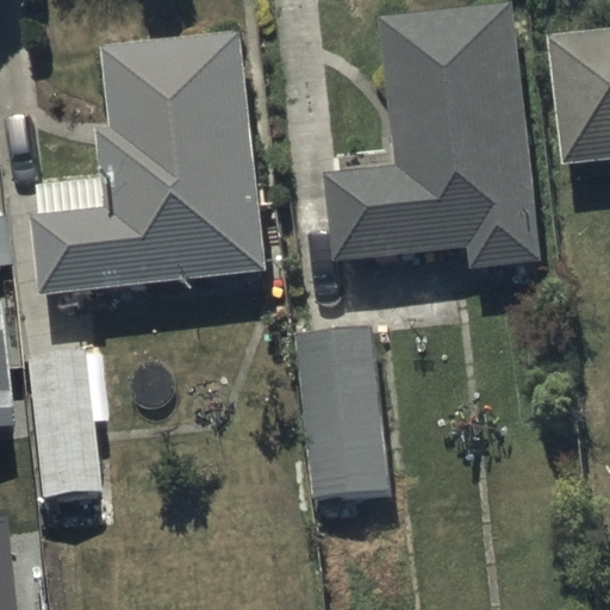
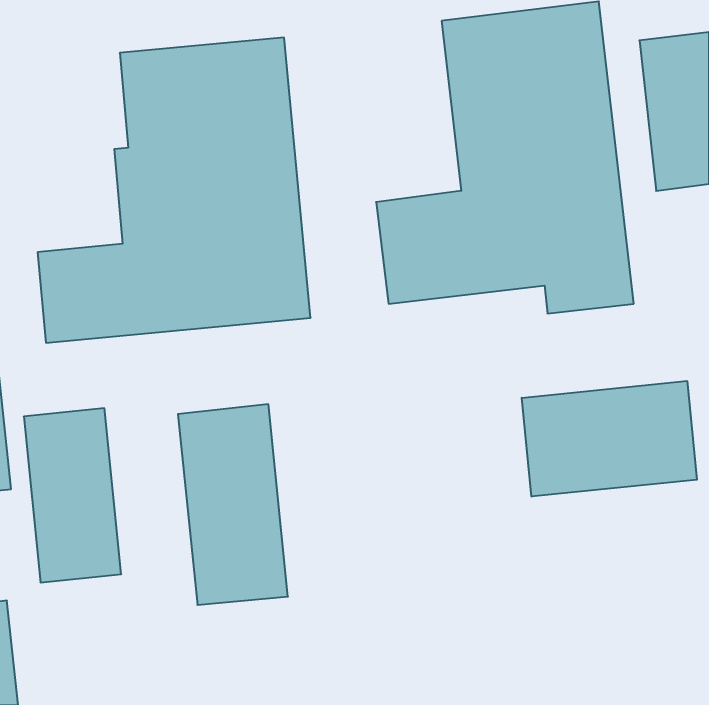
building: [292,323,386,494] -> [178,404,288,605]
building: none -> [522,381,697,497]

